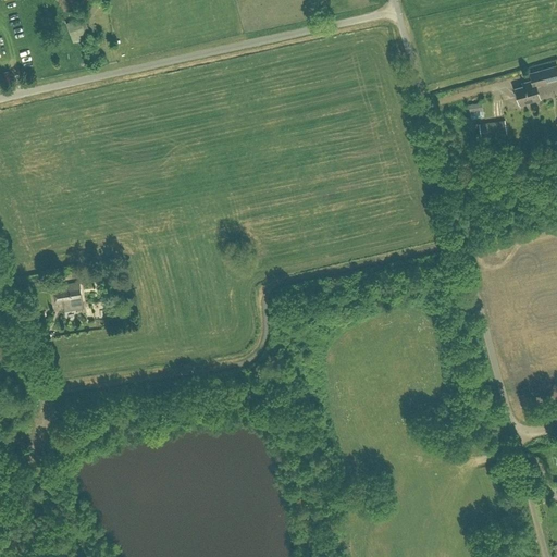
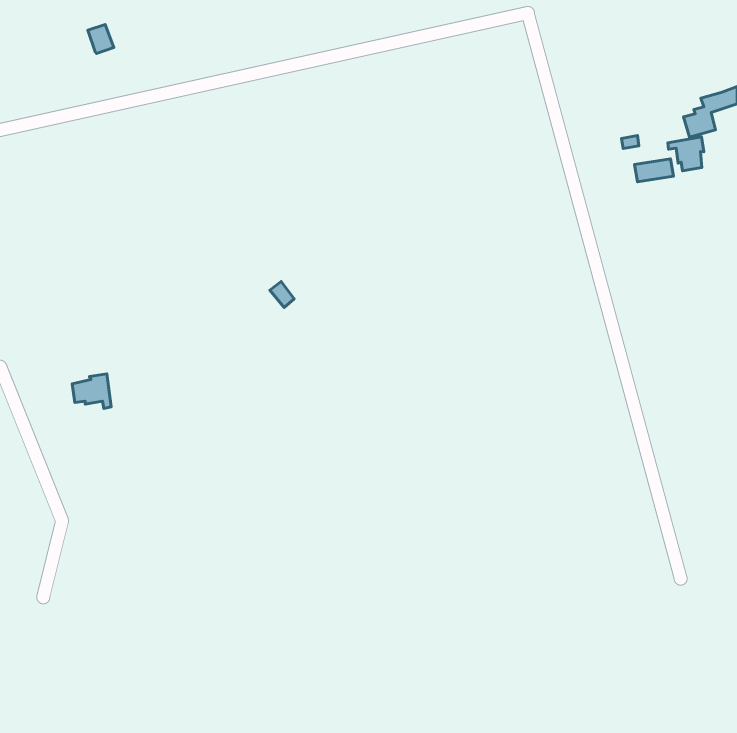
building: none -> [668,137,704,171]

